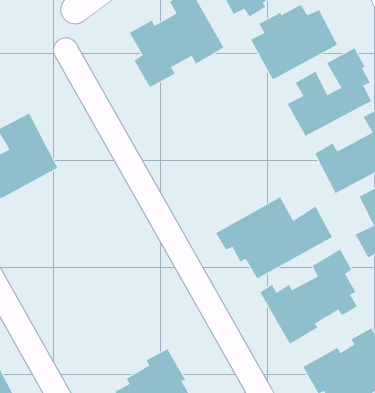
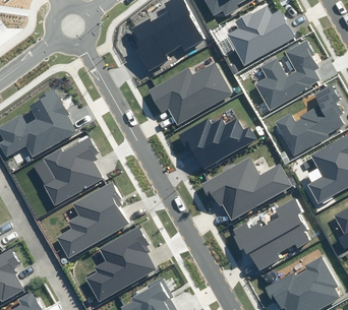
building: none -> [148,61,233,125]
building: none -> [176,117,255,169]
building: none -> [42,138,100,202]
building: none -> [55,180,127,258]
building: none -> [84,226,156,303]

